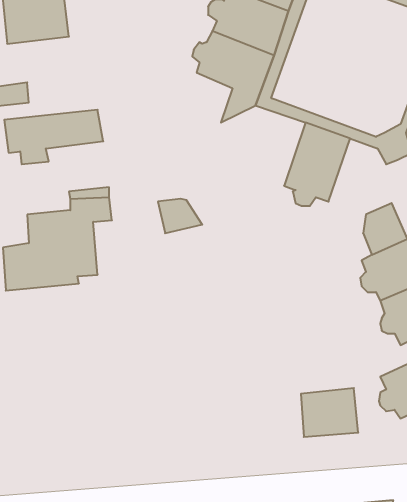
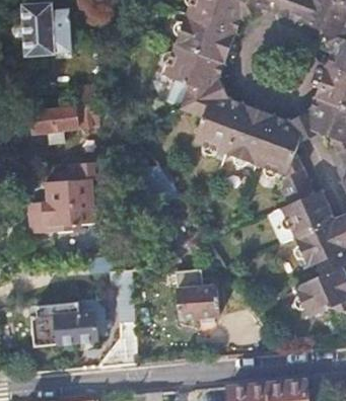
building: none -> [183,99,243,159]
building: none -> [259,123,303,181]
building: [301,388,358,437] -> [177,283,217,317]
building: none -> [31,300,106,346]

